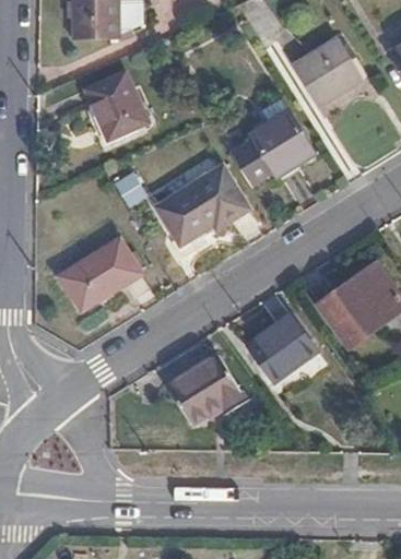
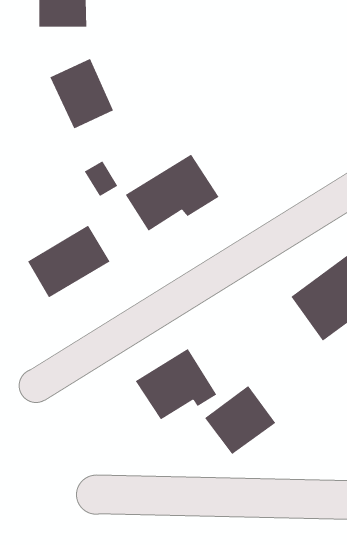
building: [291,35,366,105] -> none
building: [229,111,312,185] -> none
building: [247,313,318,382] -> [204,385,276,455]

